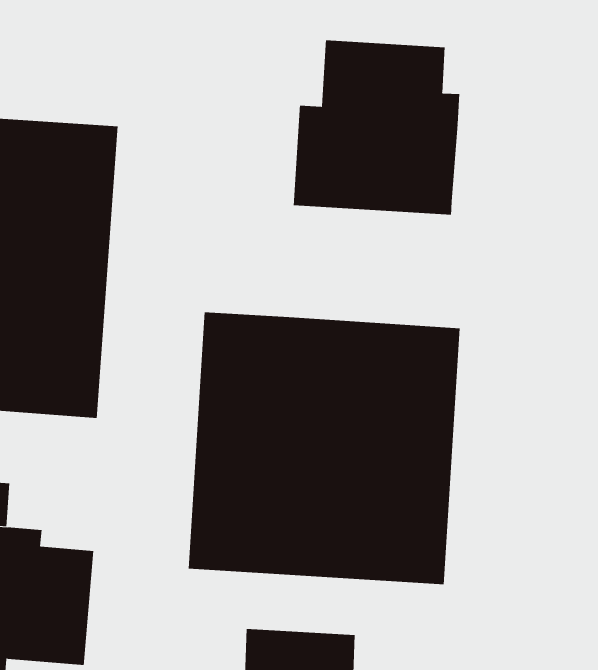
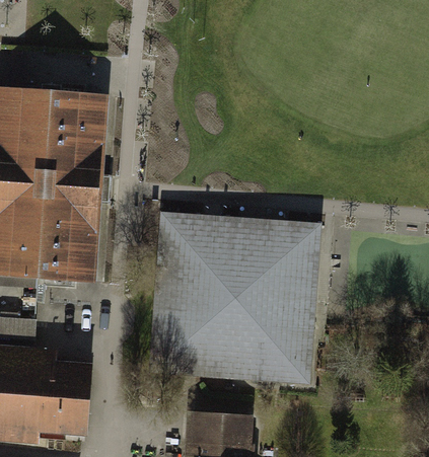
building: [293,40,460,216] -> none

